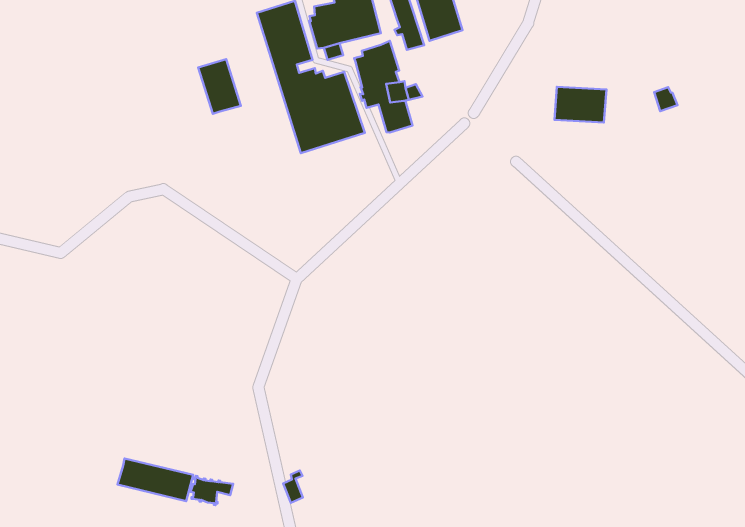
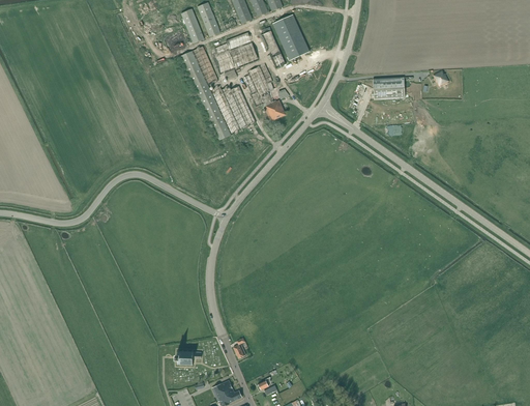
building: [198,59,241,114] -> none
building: [117,459,193,501] -> none

